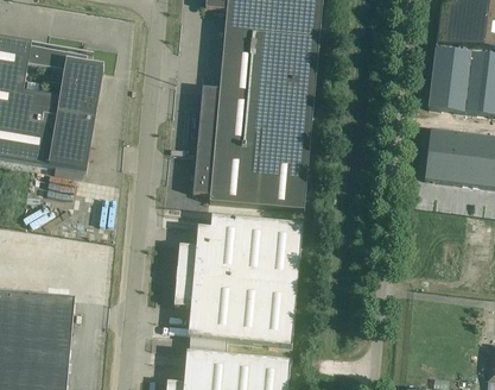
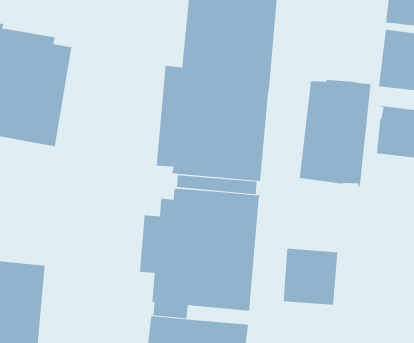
building: none -> [299,76,371,188]
building: none -> [283,248,338,306]

